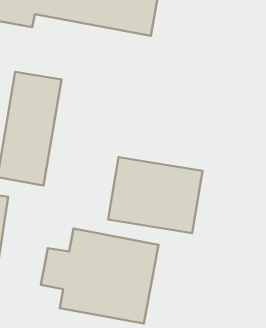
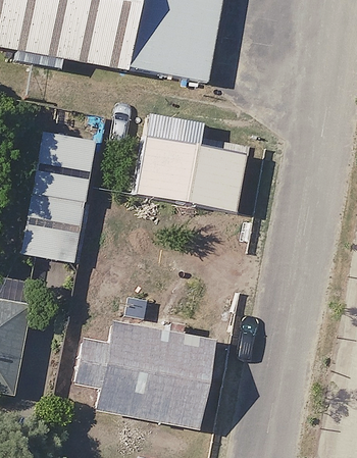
building: [108,157,203,233] -> [136,120,248,211]

